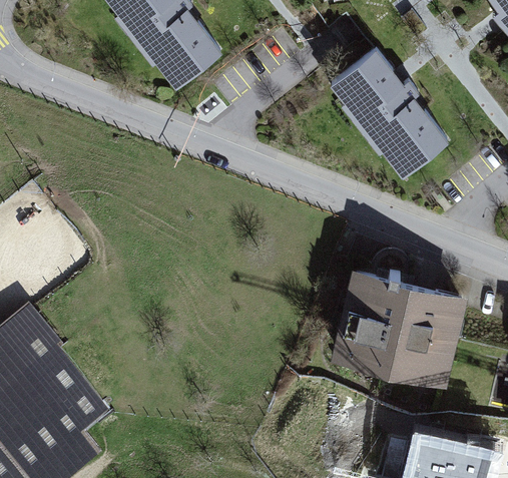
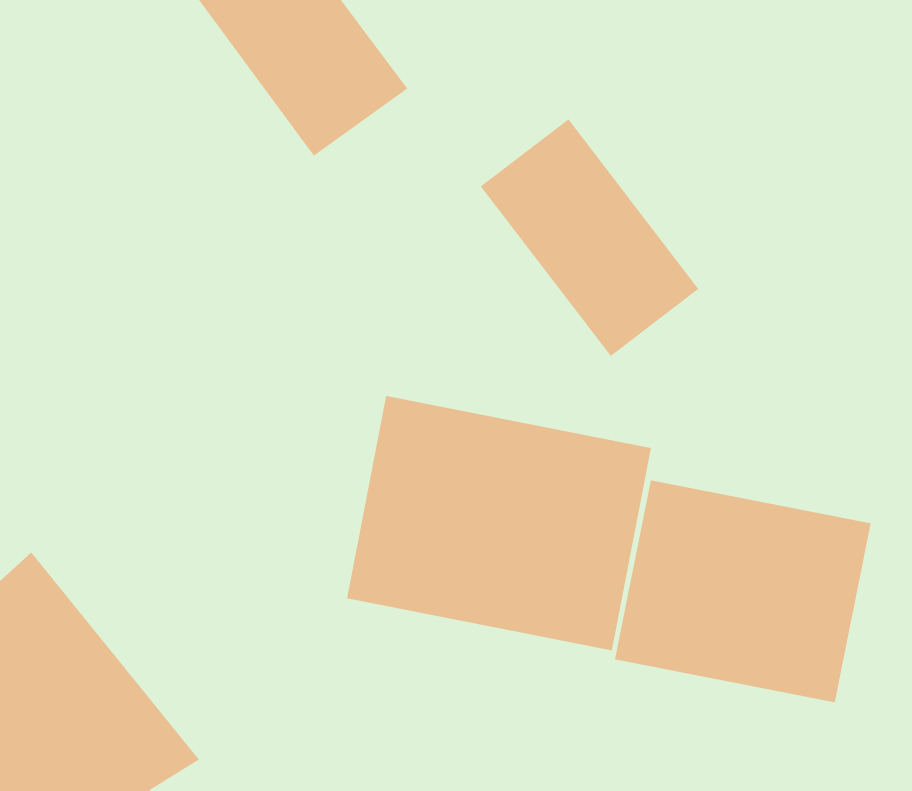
building: [332,51,448,177] -> [480,119,699,357]
building: none -> [346,395,651,651]

